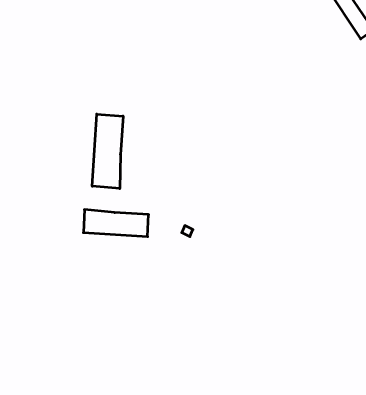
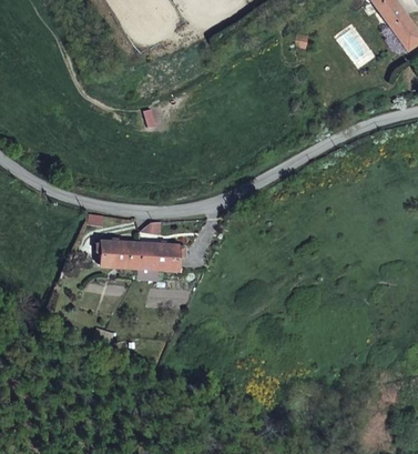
building: [92,114,123,189] -> none

